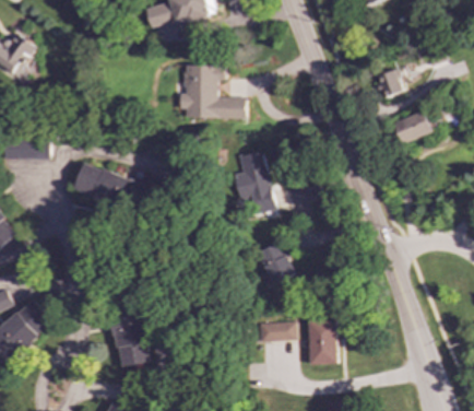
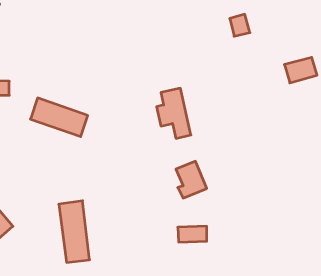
building: [182,64,246,119] -> none
building: [376,70,401,97] -> [230,14,250,36]
building: [307,320,336,365] -> none

